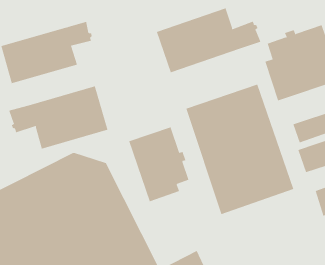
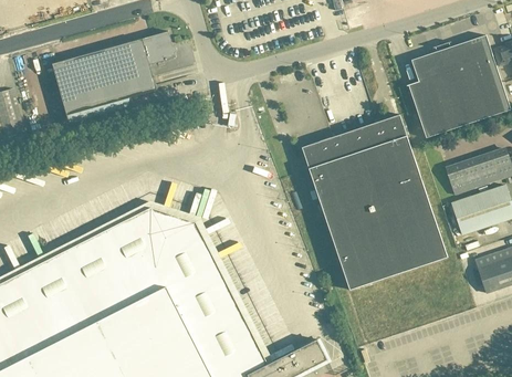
building: [156,7,261,73] -> none
building: [9,85,108,149] -> none
building: [128,127,189,202] -> none

